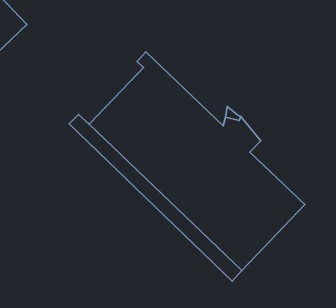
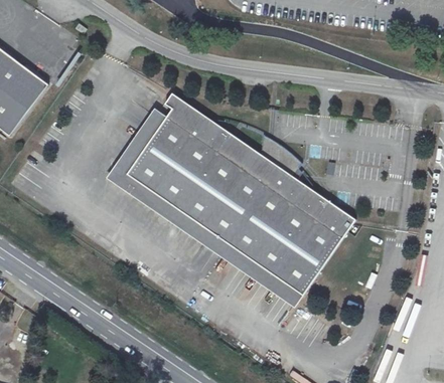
building: none -> [115,109,167,175]

